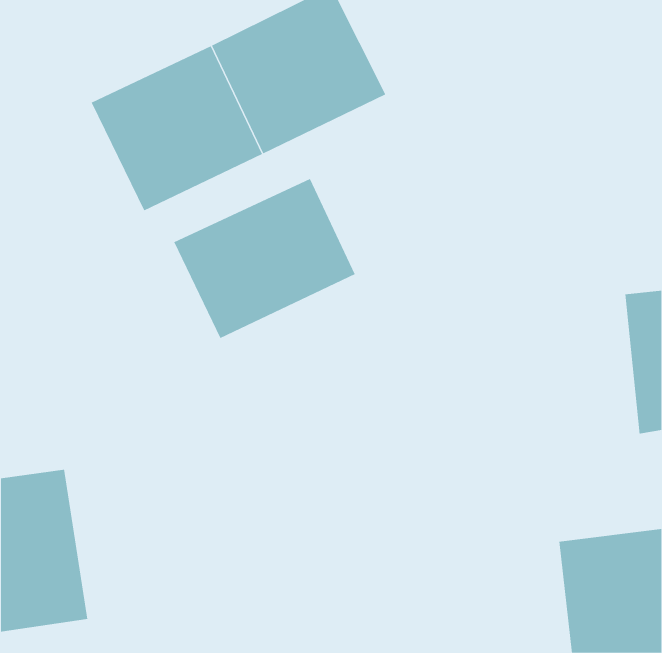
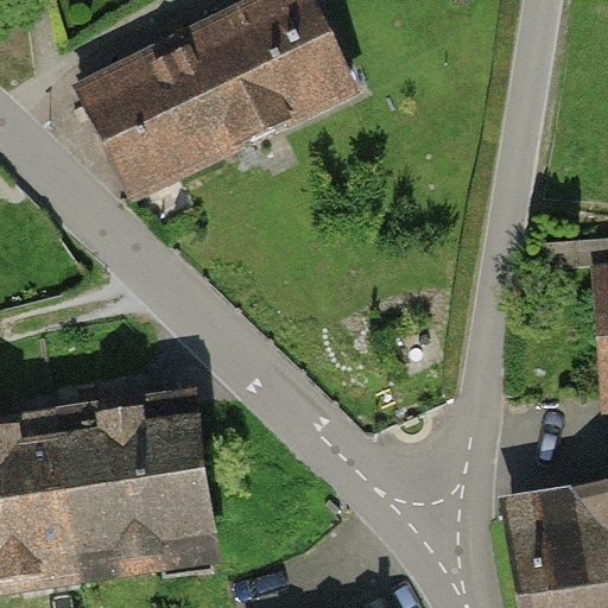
building: [174,178,356,339] -> none
building: none -> [59,410,210,568]

